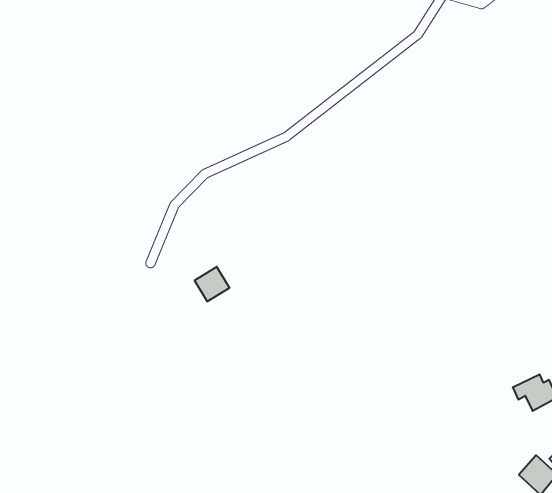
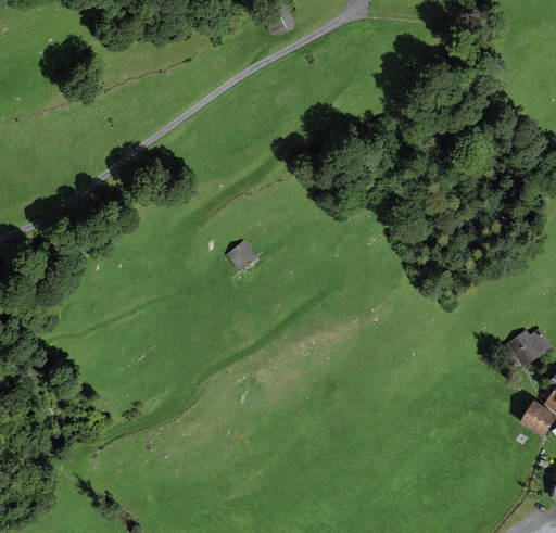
building: [195,267,230,301] -> [227,239,258,270]

